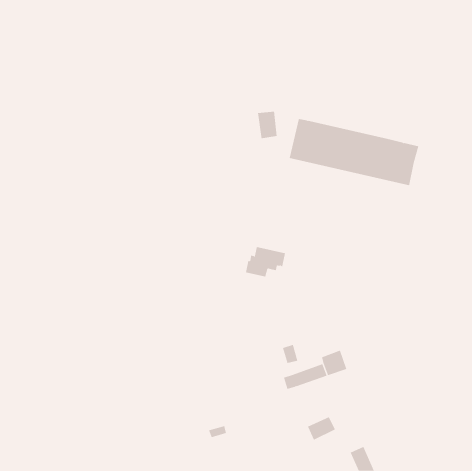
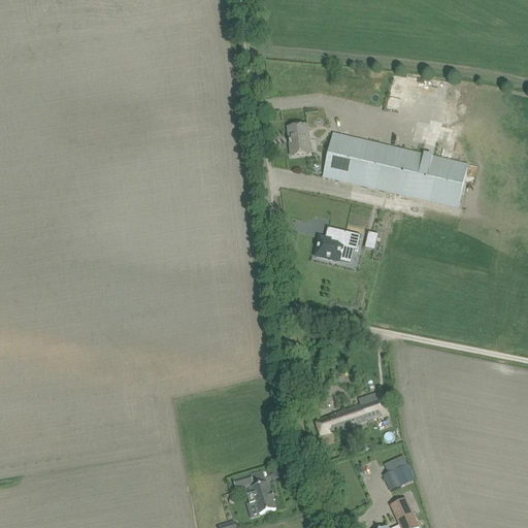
building: [245,247,286,277] -> [315,227,360,261]
building: [307,416,336,440] -> [383,464,415,491]
building: none -> [246,482,275,514]

